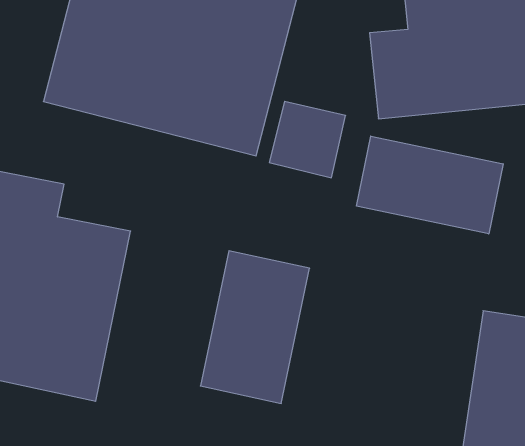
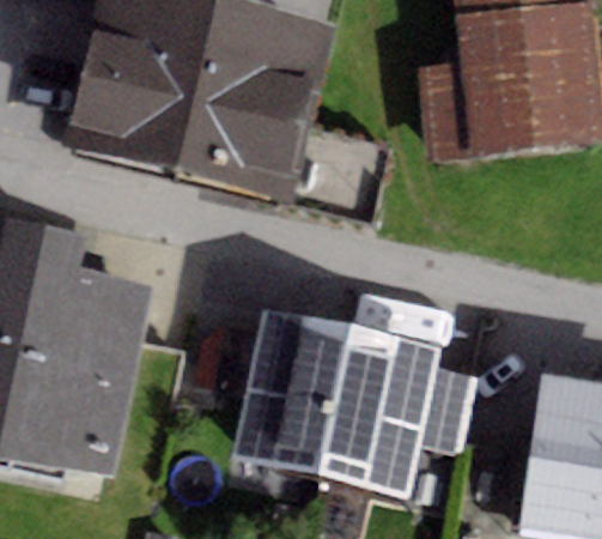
building: [357,136,503,234] -> none
building: none -> [321,325,476,495]

